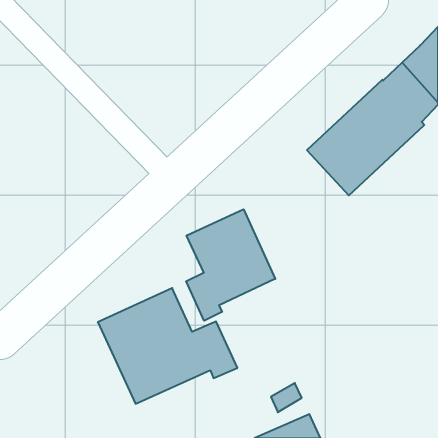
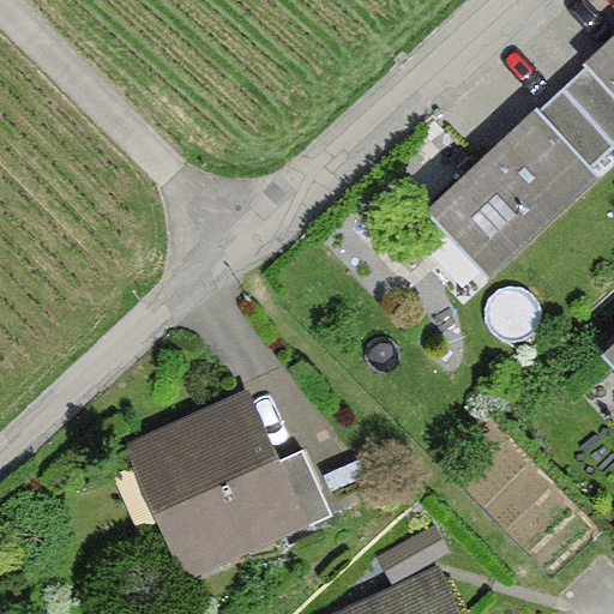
building: [186,209,275,321] -> none

